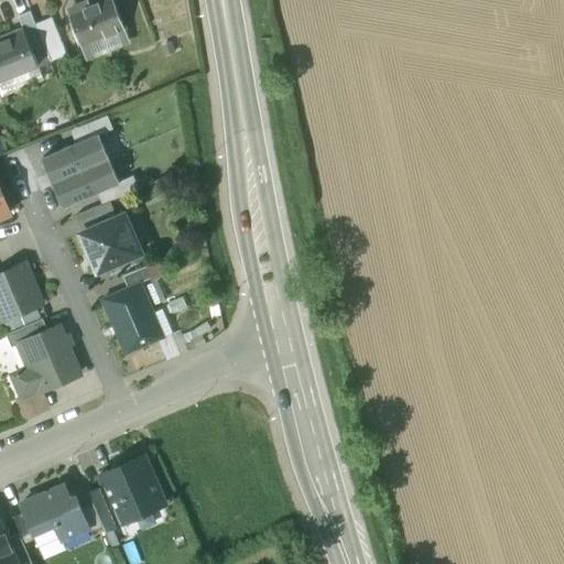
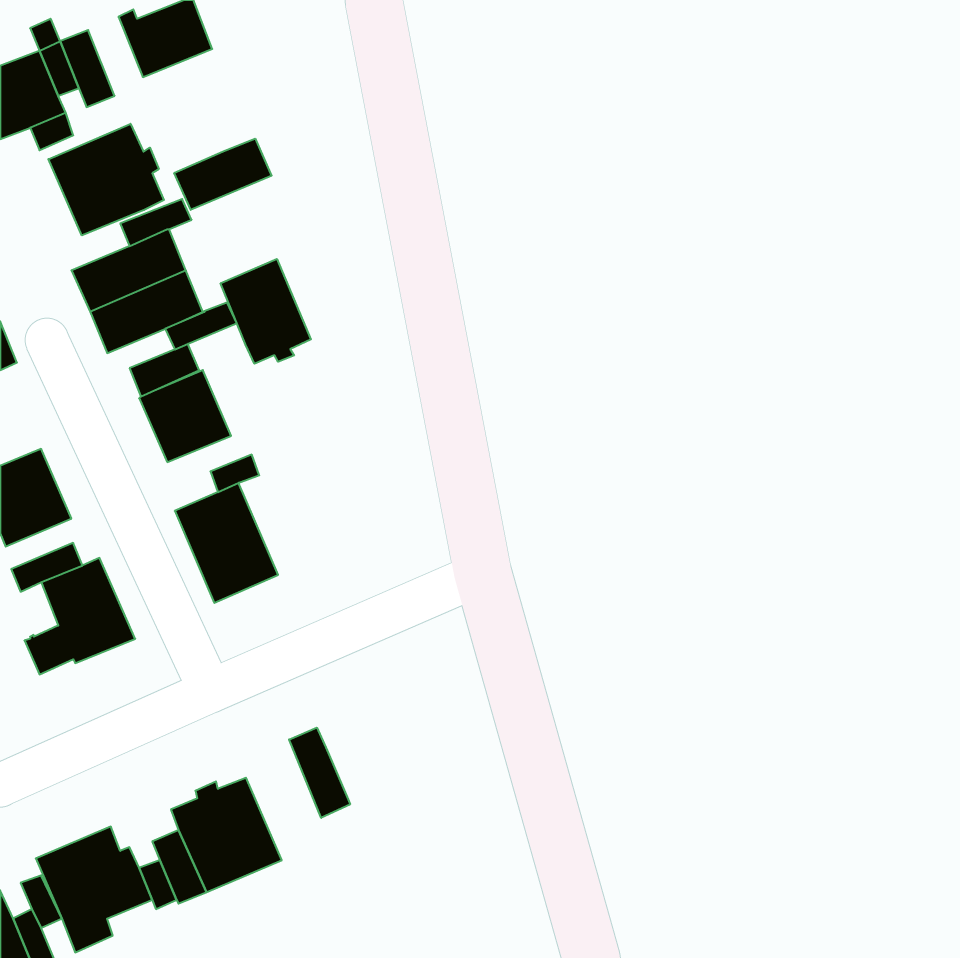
building: none -> [48,124,164,235]
building: none -> [174,139,272,210]
building: none -> [221,259,311,364]
building: none -> [289,728,350,818]

